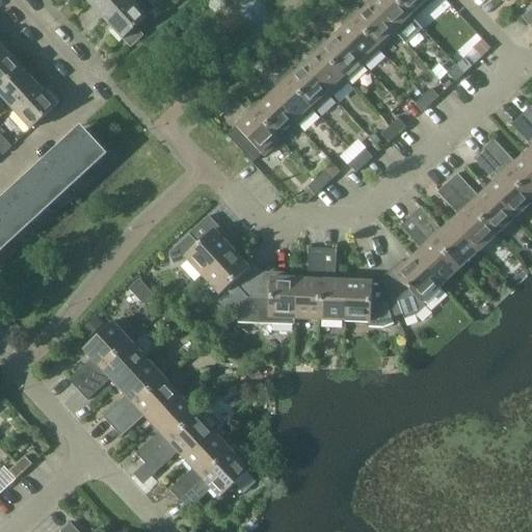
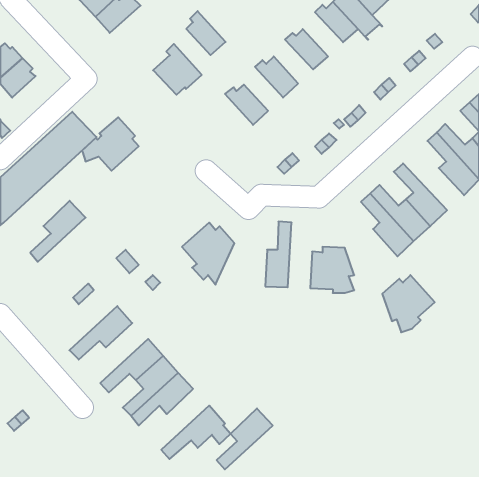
building: [336,14,380,62] -> none
building: [303,44,347,92] -> none
building: [270,74,314,123] -> [186,11,226,55]
building: [14,84,59,127] -> none
building: [227,104,281,160] -> [153,44,202,95]
building: [447,171,514,233] -> none
building: [168,214,232,273] -> [82,117,139,171]
building: [319,246,346,319] -> none
building: [382,254,441,317] -> [382,275,435,332]
building: [236,269,296,323] -> none
building: [69,320,130,388] -> [30,201,86,262]
building: [102,357,164,424] -> none
building: [169,430,232,498] -> [217,408,273,469]

